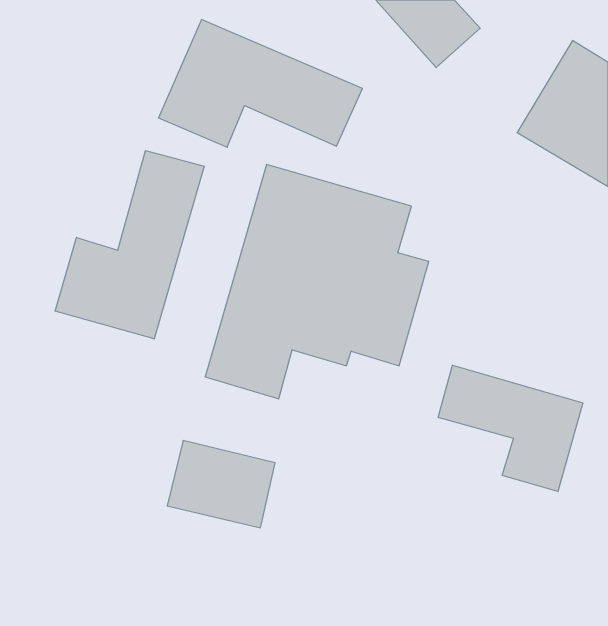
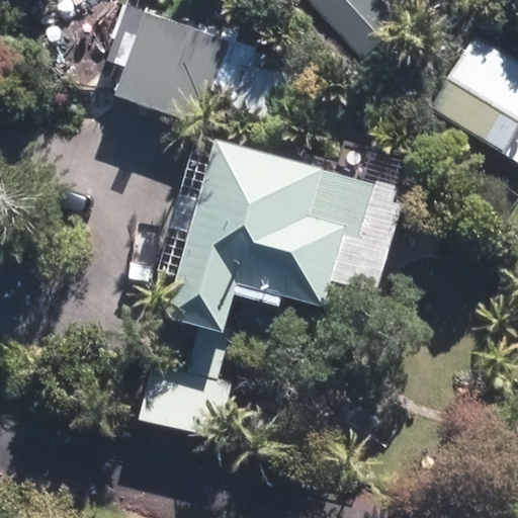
building: [55,151,204,339] -> none
building: [438,365,583,492] -> none

